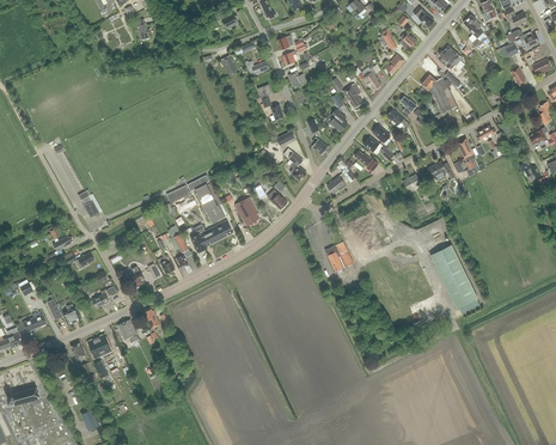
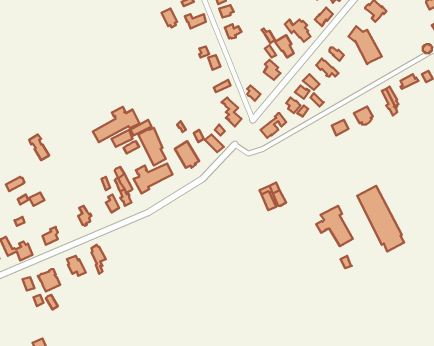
building: none -> [93,107,140,142]
building: none -> [316,206,353,246]

